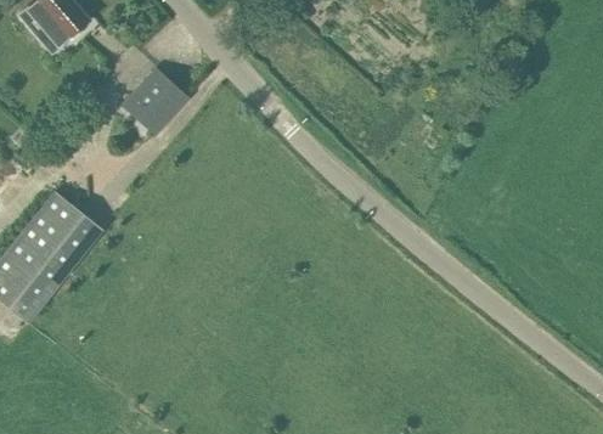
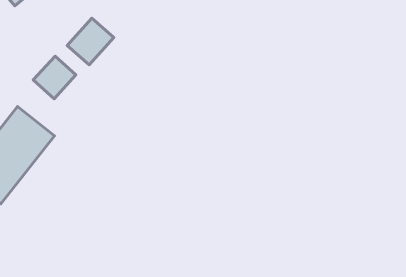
building: none -> [33,56,76,99]

